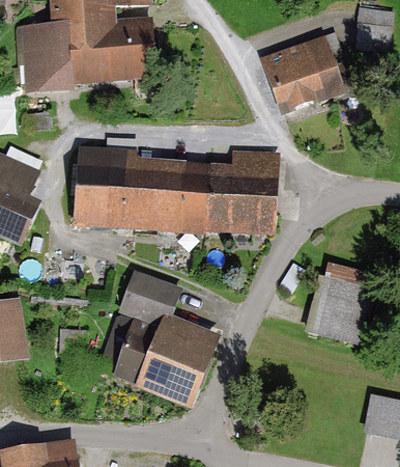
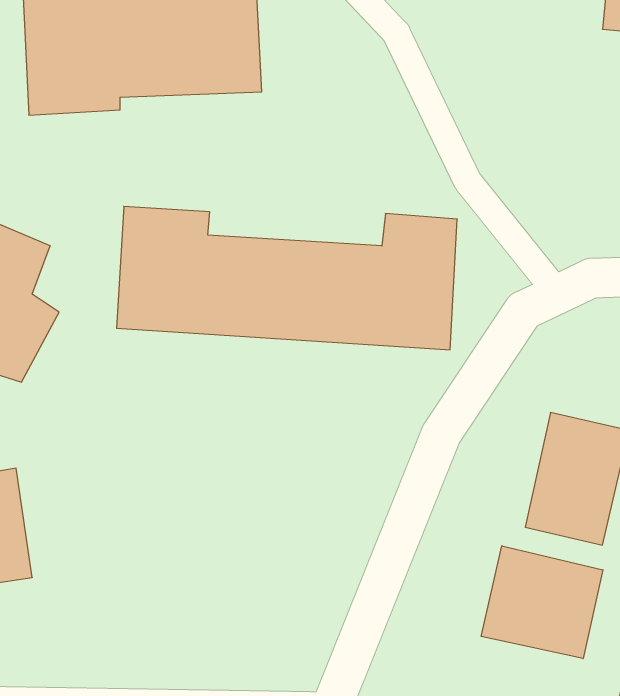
building: [262,36,345,118] -> none
building: [98,273,218,410] -> none
building: none -> [481,546,603,659]

